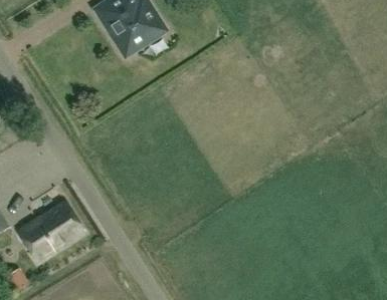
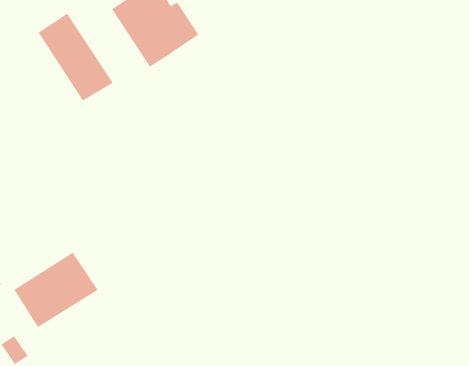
building: none -> [38,13,113,102]

